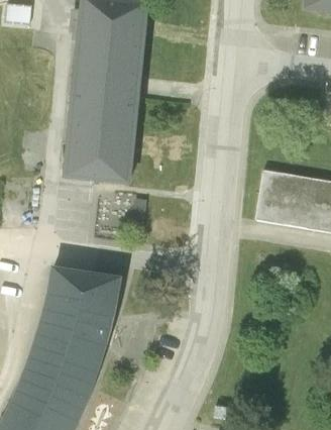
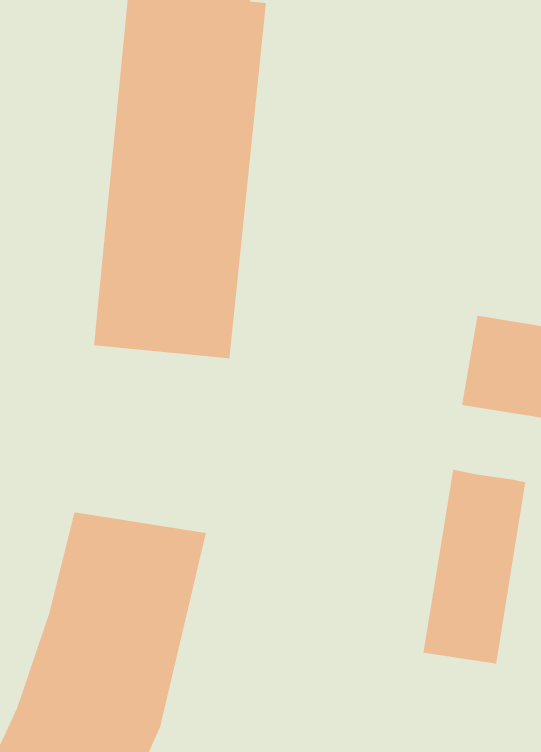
building: none -> [423,469,526,665]

